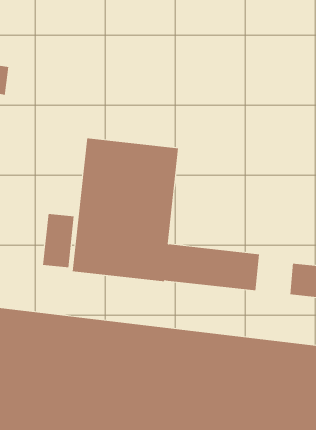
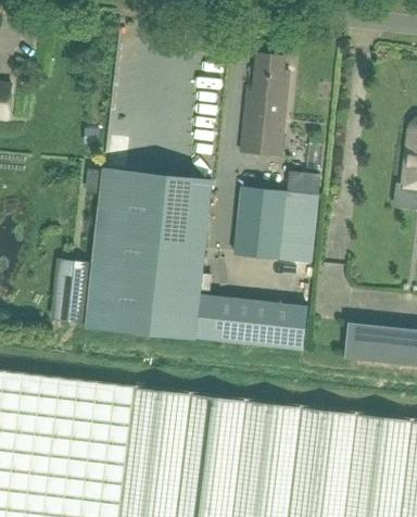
building: none -> [241,54,289,156]
building: none -> [235,182,319,262]

